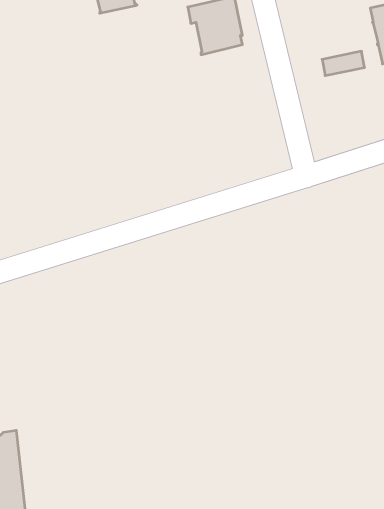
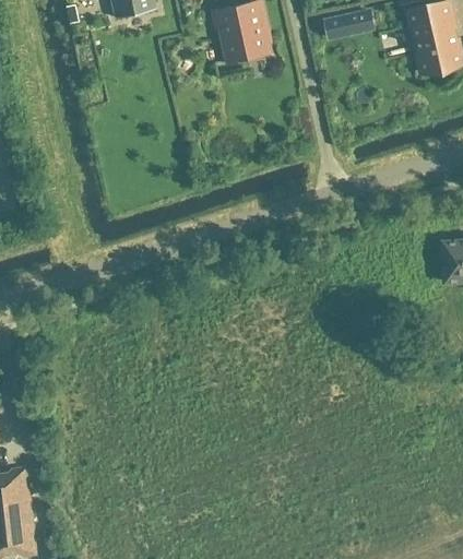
building: [322,51,365,76] -> [328,11,373,37]

